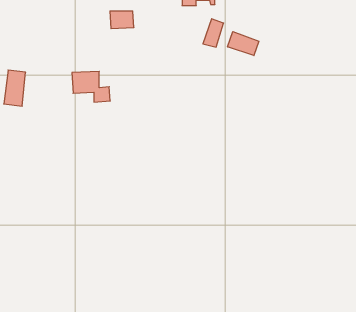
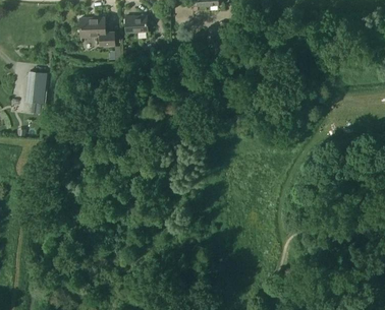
building: [228,32,259,56] -> none
building: [72,71,110,102] -> [78,16,114,45]

